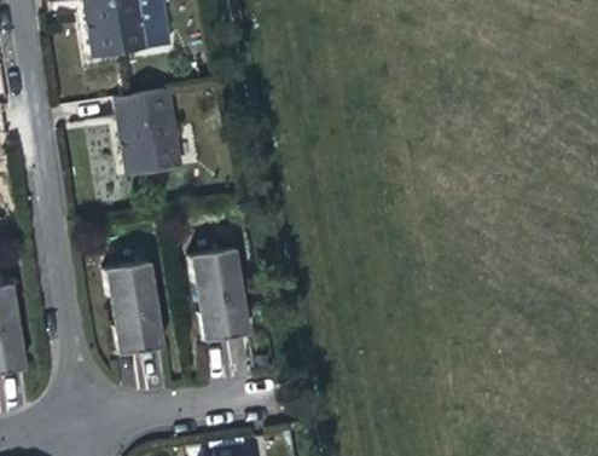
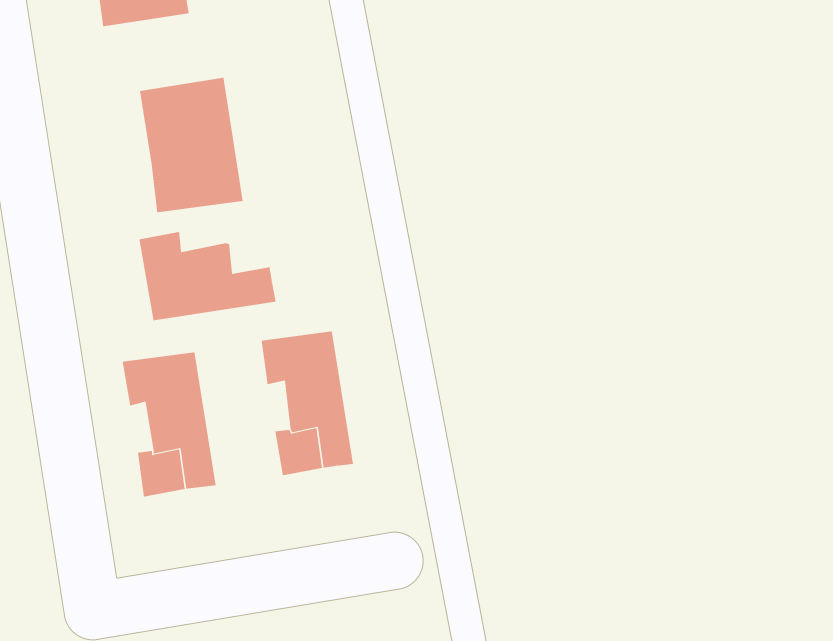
building: none -> [139,231,276,321]

